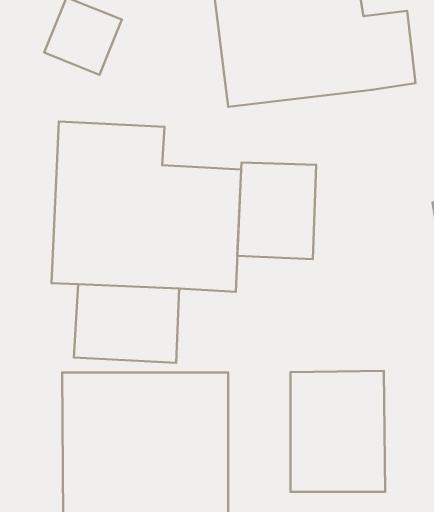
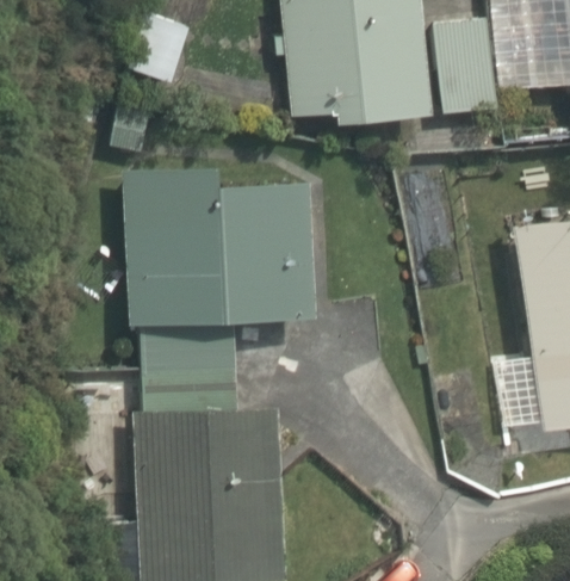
building: [237,163,316,259] -> none
building: [290,371,385,492] -> none

